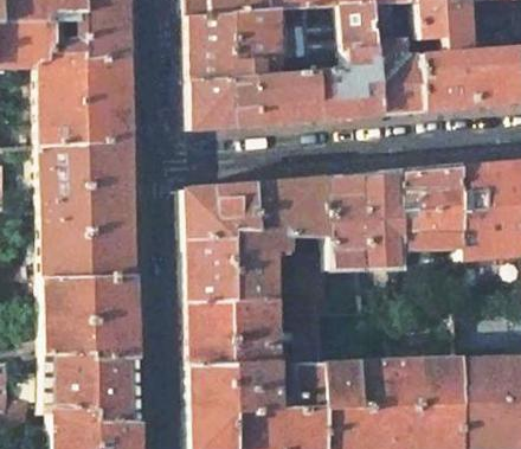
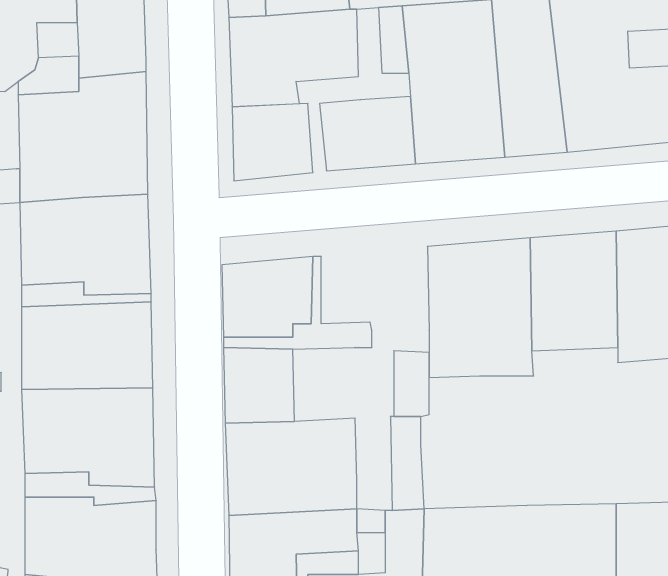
building: [236,58,281,126] -> none
building: [253,178,329,237] -> none
building: [233,249,277,301] -> none

